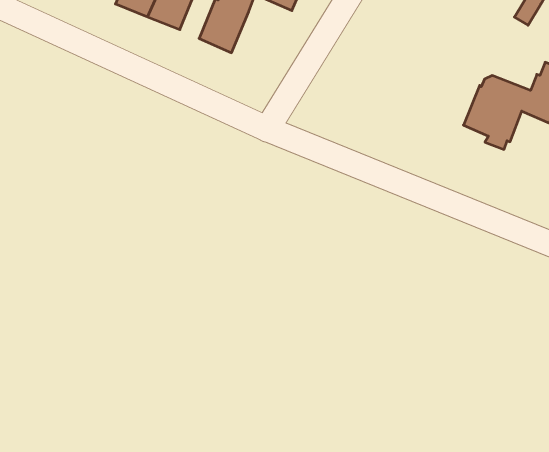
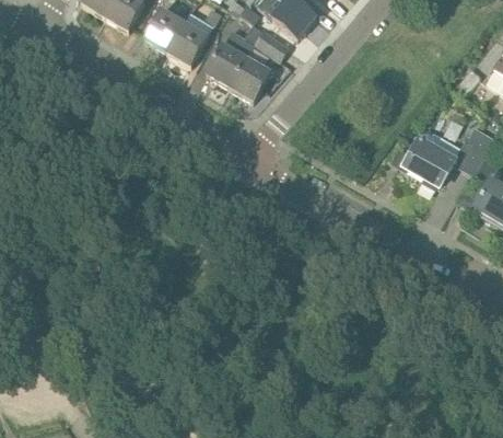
building: none -> [231,57,271,101]

